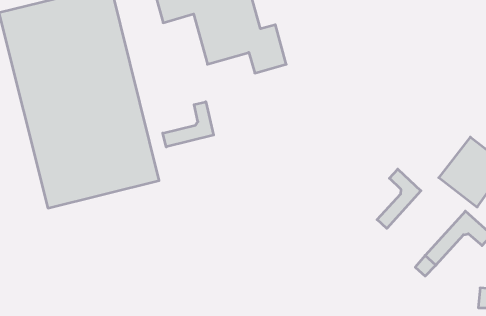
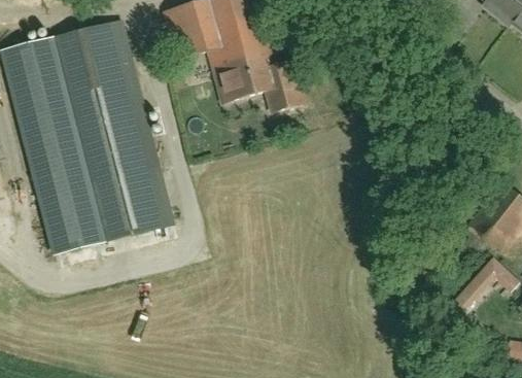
building: [163,102,214,147] -> none
building: [377,169,421,228] -> none

